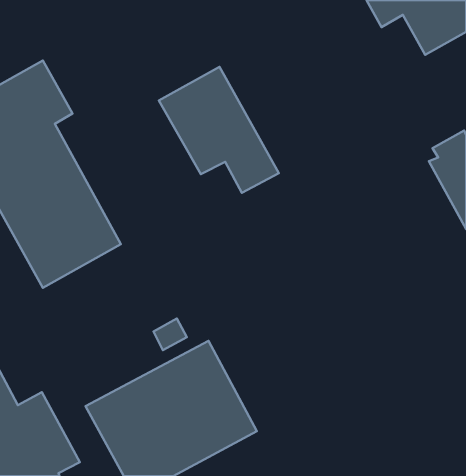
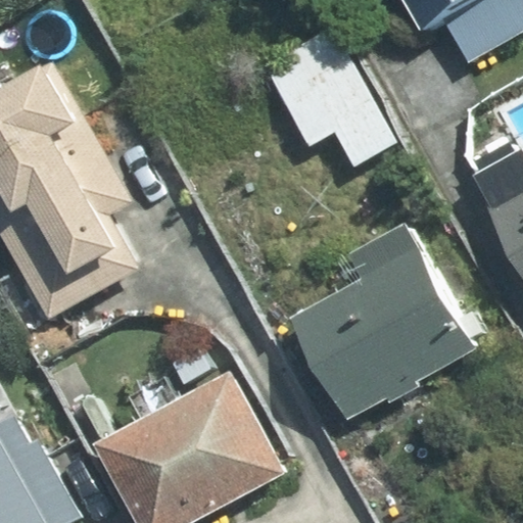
building: [159,67,279,193] -> [263,28,394,165]
building: none -> [292,226,473,418]

